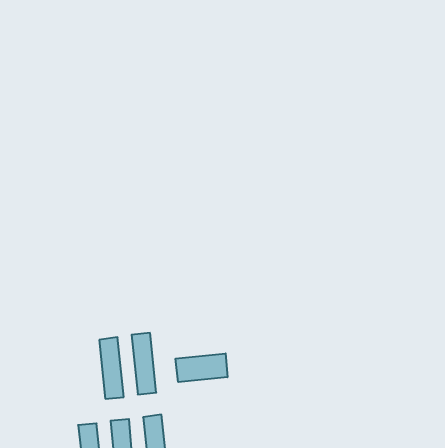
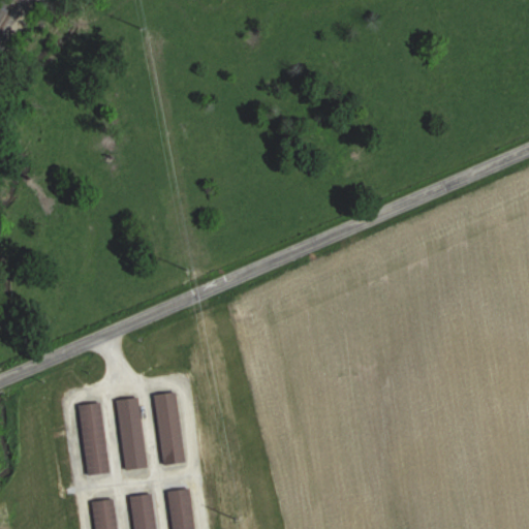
building: none -> [79,403,108,475]
building: [176,353,227,382] -> none

